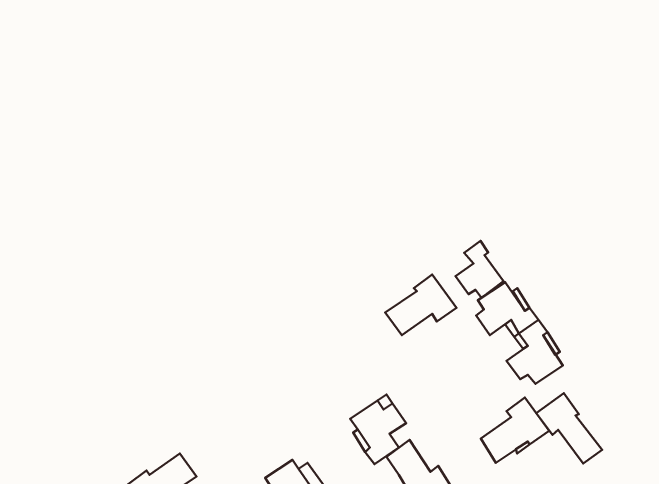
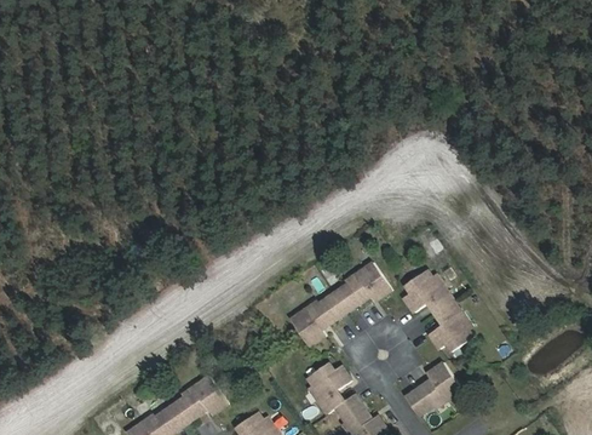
building: [456,241,504,298] -> none
building: none -> [291,293,345,345]
building: [536,393,602,464] -> none
building: none -> [168,376,226,424]

